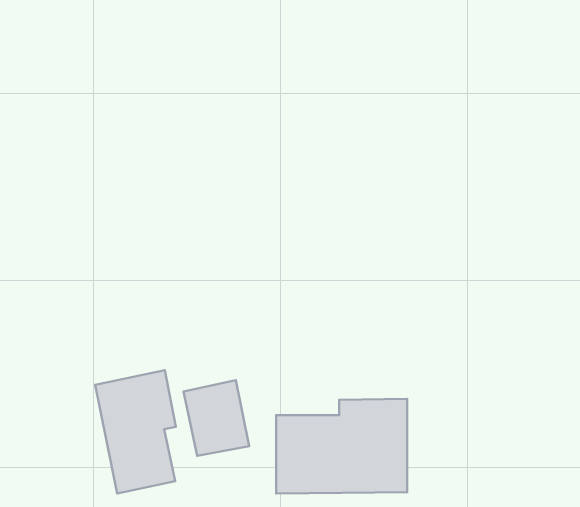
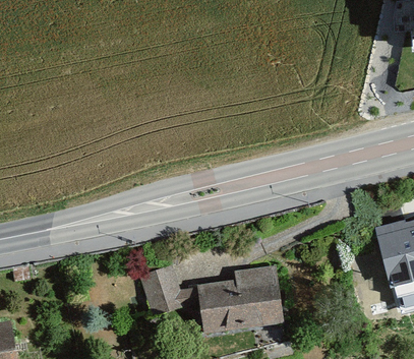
building: [95,370,176,493] -> none

